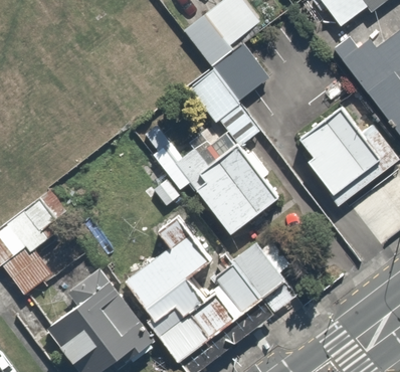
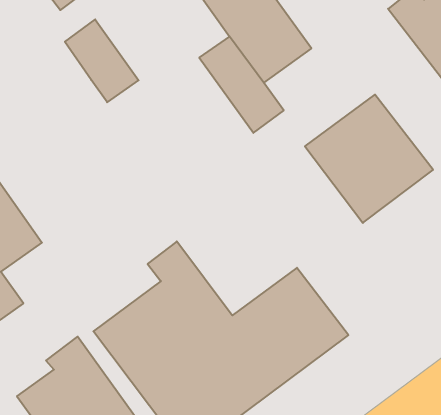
building: none -> [65,19,139,102]
building: [171,149,257,235] -> none

